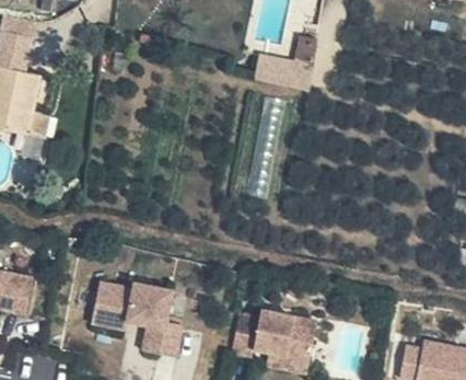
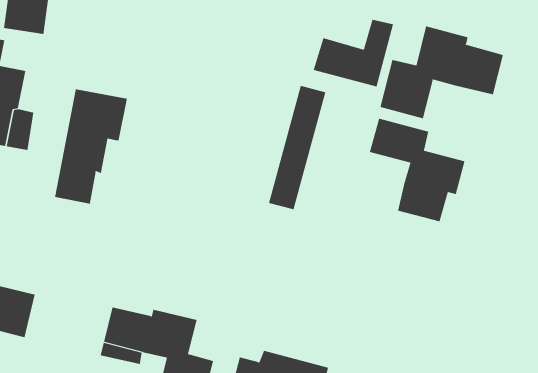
building: none -> [380,25,504,119]
building: none -> [55,88,128,204]
building: none -> [369,118,465,222]

